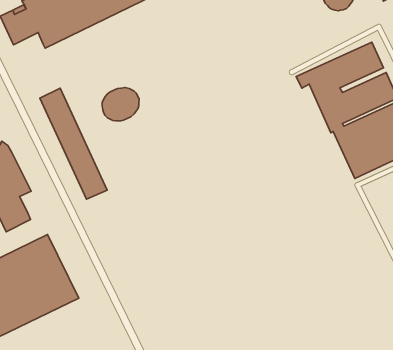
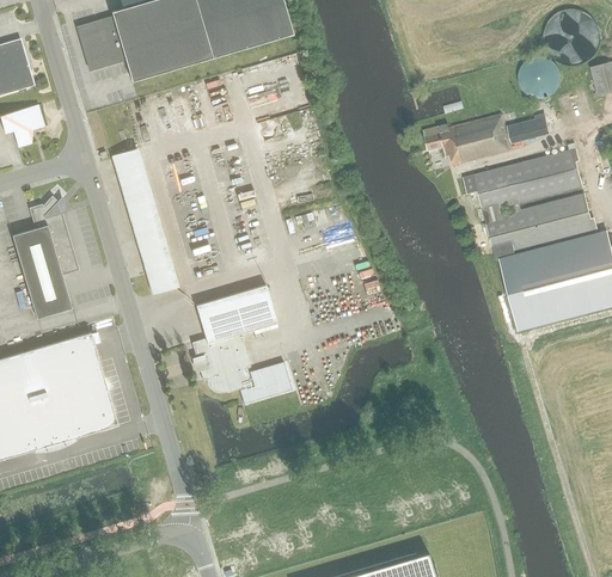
building: none -> [423,116,549,167]
building: [102,88,139,121] -> none
building: none -> [191,286,292,405]

